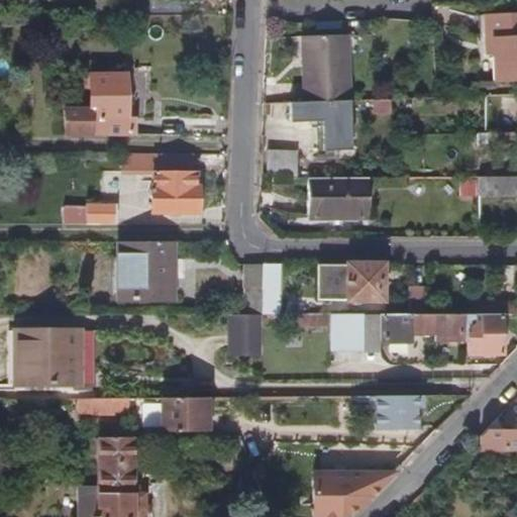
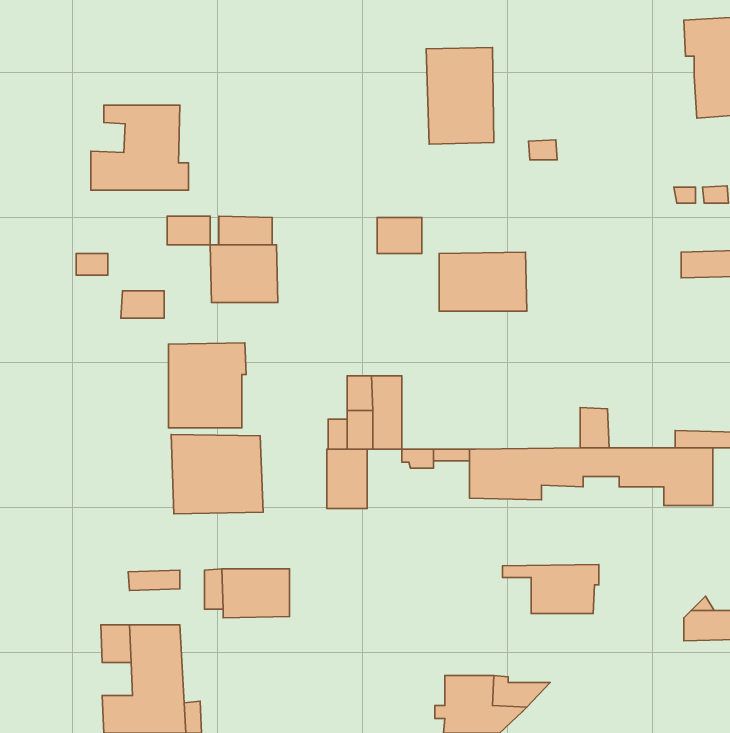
building: [292,99,359,151] -> none
building: [320,264,385,301] -> none
building: [15,332,80,388] -> [171,435,263,514]

